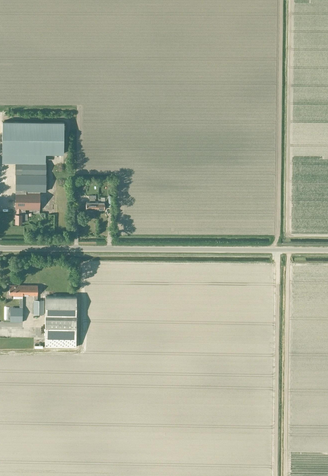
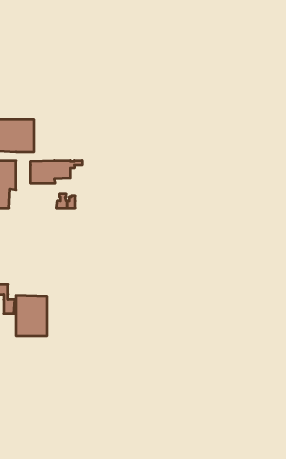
building: none -> [31,160,82,183]

